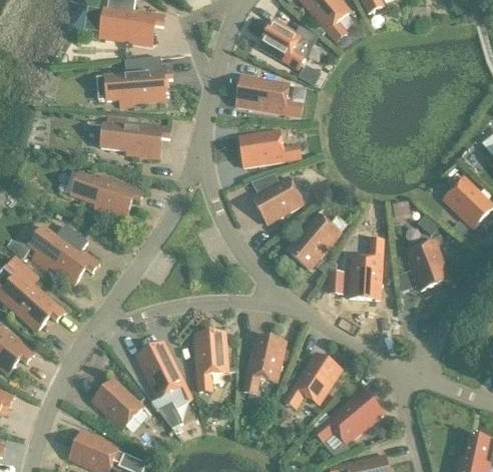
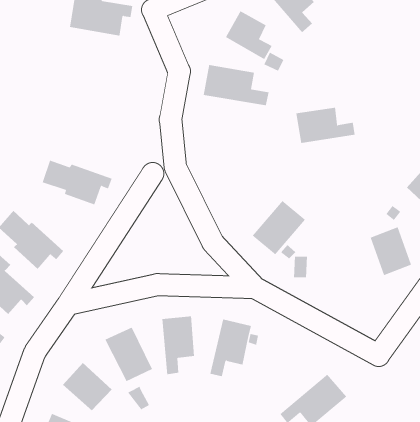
building: [96,65,172,101] -> none
building: [100,114,170,157] -> none
building: [238,129,300,166] -> [295,107,355,144]
building: [252,175,303,223] -> none
building: [349,256,382,299] -> none
building: [284,352,341,409] -> none

